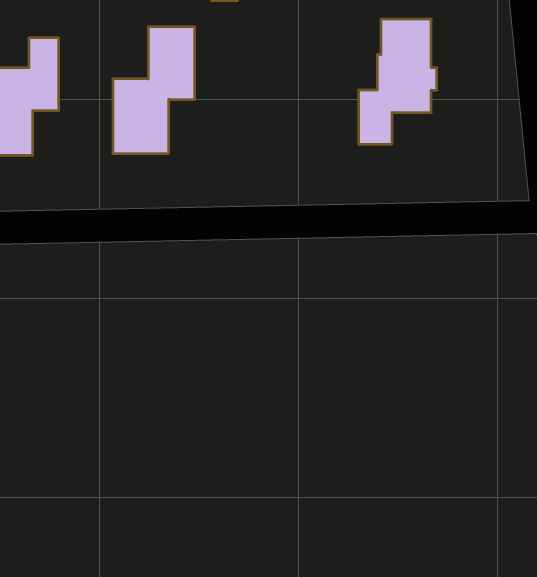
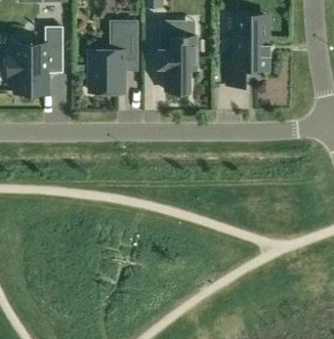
building: none -> [160,20,197,90]

